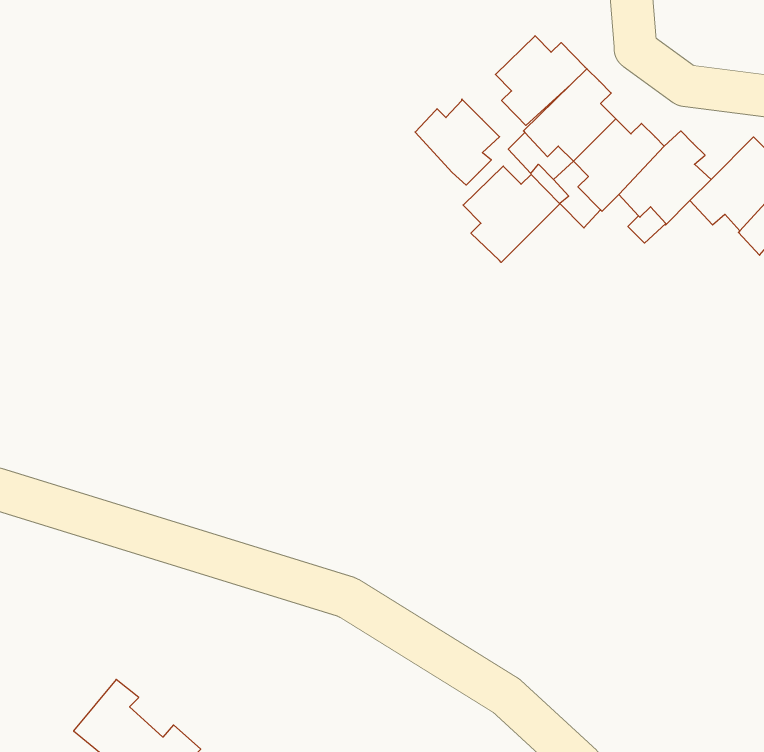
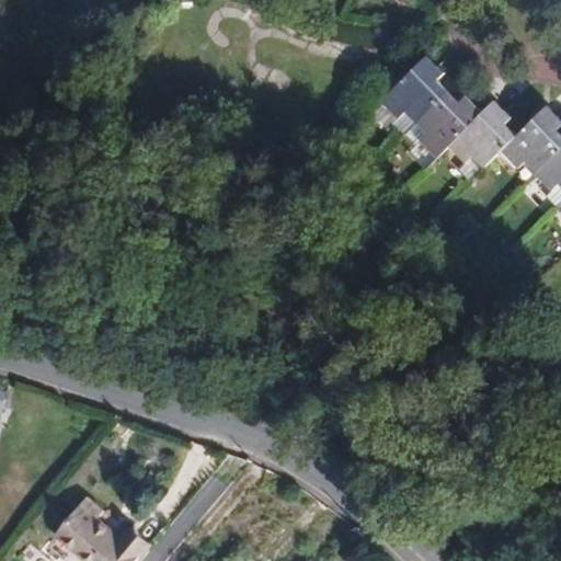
building: [495,36,587,125] -> none
building: [415,99,500,185] -> none
building: [463,166,560,262] -> none

